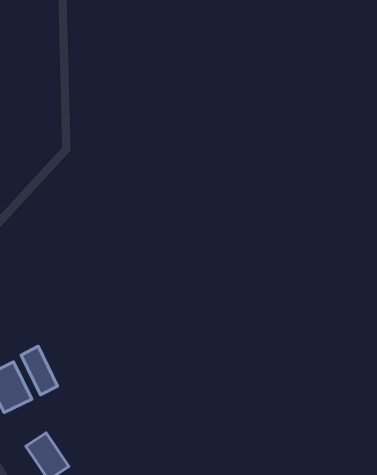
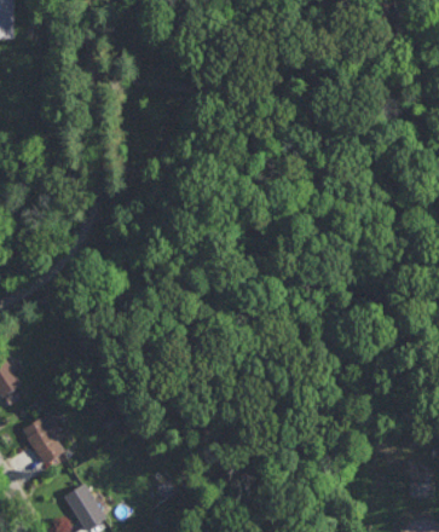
building: [21,346,57,395] -> none

